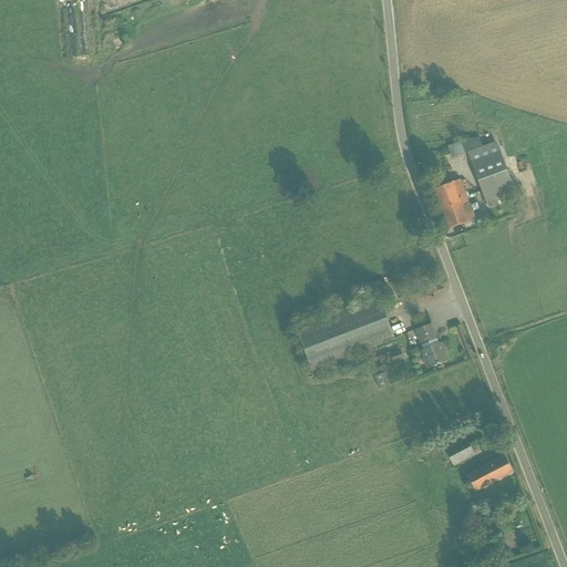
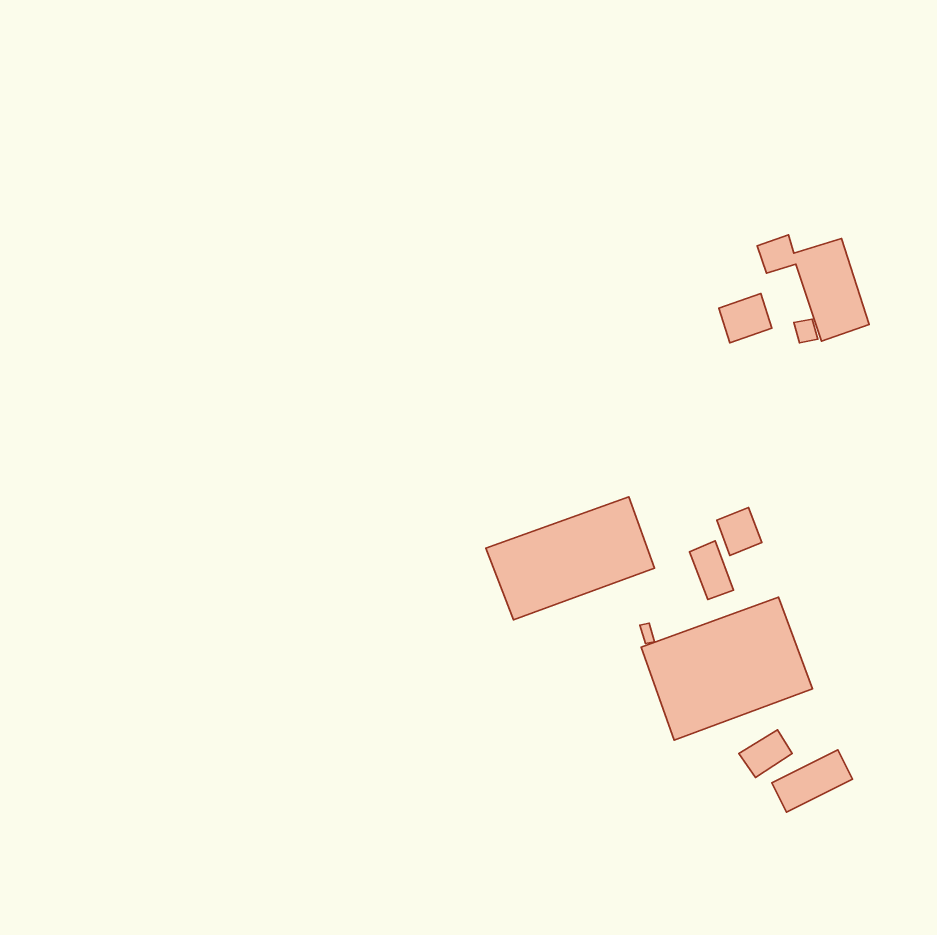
building: [441,198,473,226] -> none
building: none -> [717,507,762,555]
building: none -> [641,597,813,740]

